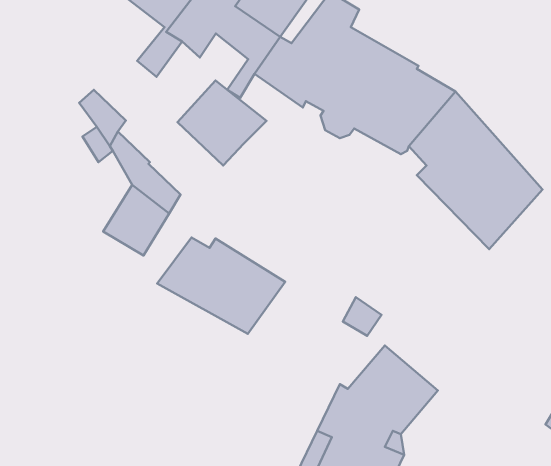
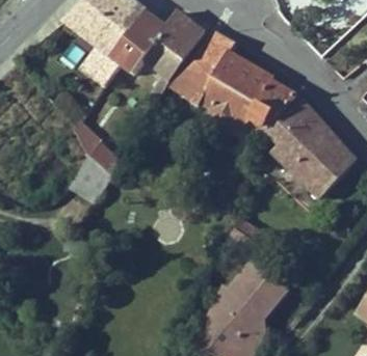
building: [177,81,266,166] -> none
building: [157,238,285,334] -> none

